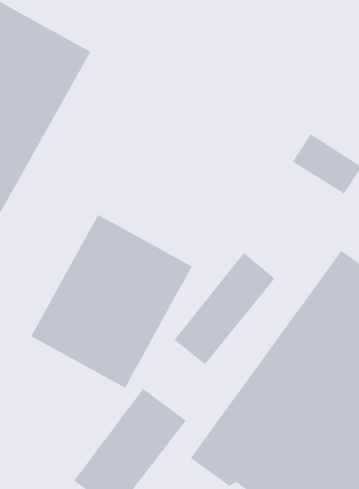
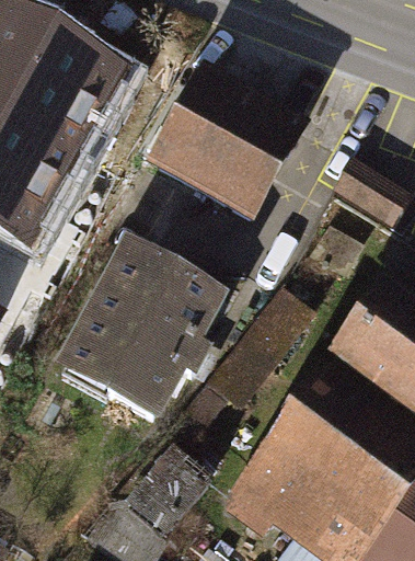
building: none -> [147,66,308,221]

